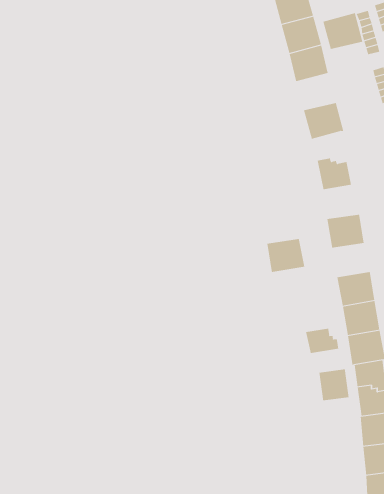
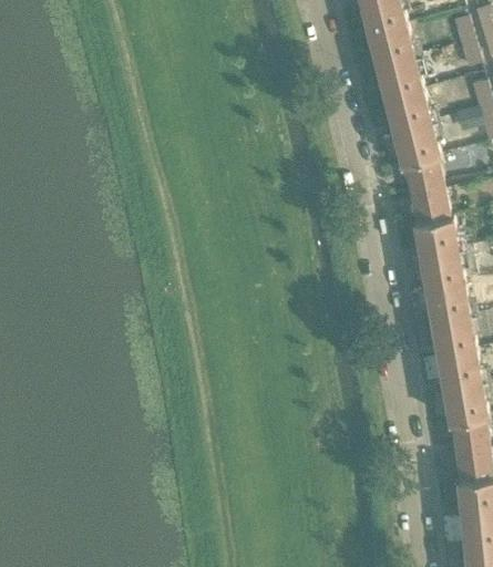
building: [322,13,363,50] -> [383,85,430,127]
building: none -> [402,152,442,188]
building: none -> [412,212,456,251]
building: [266,239,305,273] -> [424,279,469,318]
building: [306,328,339,354] -> none
building: [319,369,349,401] -> none

